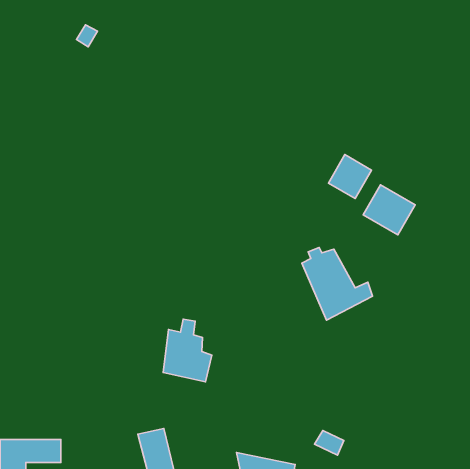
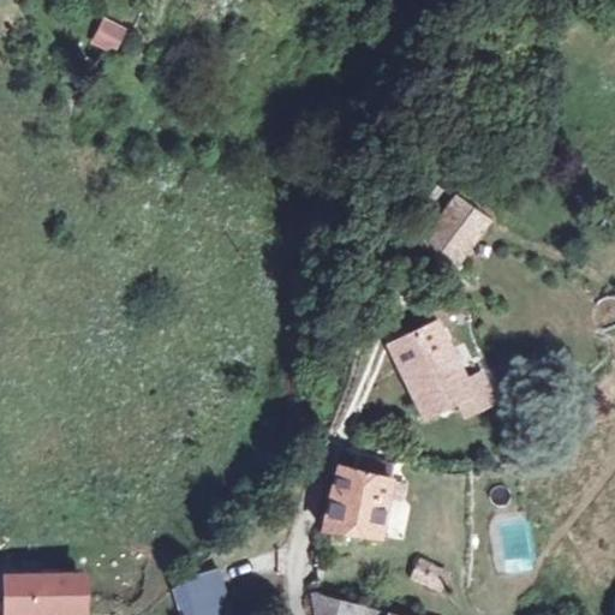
building: [363,185,415,235] -> none
building: [163,319,212,382] -> [327,459,390,541]

